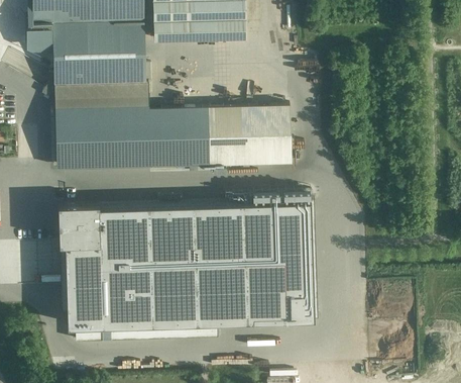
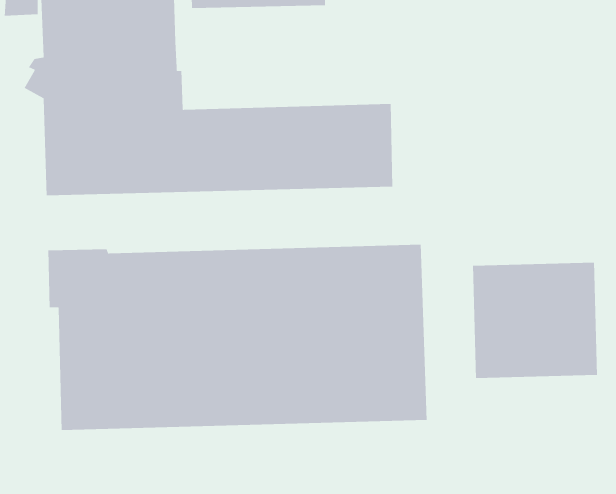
building: none -> [472,262,598,379]

